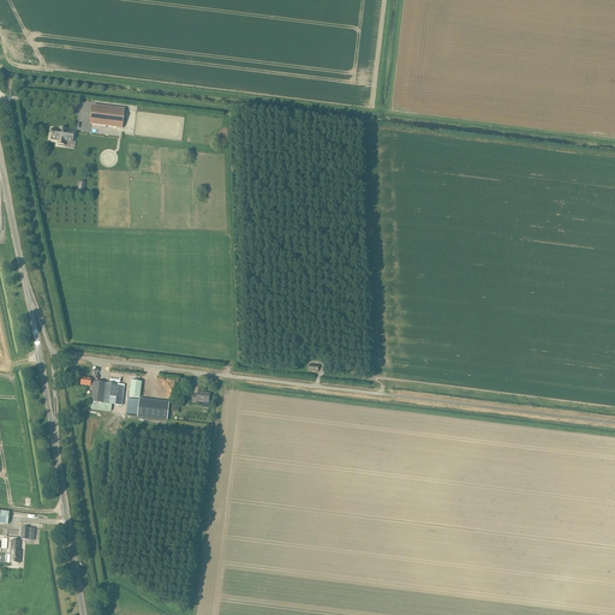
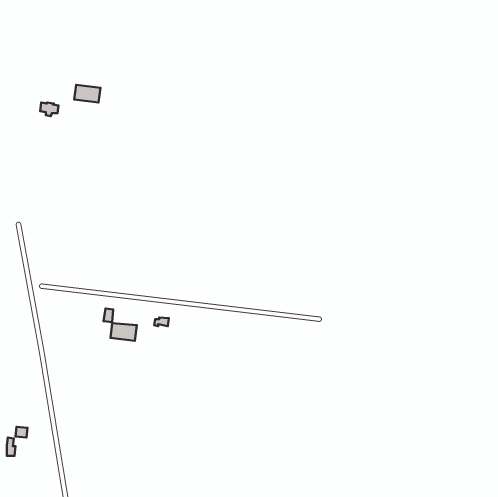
building: [79,376,123,404] -> none

